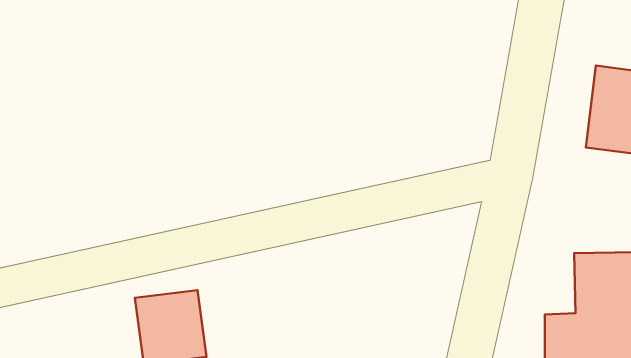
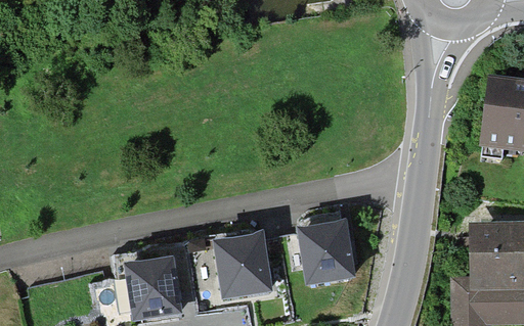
building: none -> [311,223,370,287]
building: none -> [220,235,277,299]

